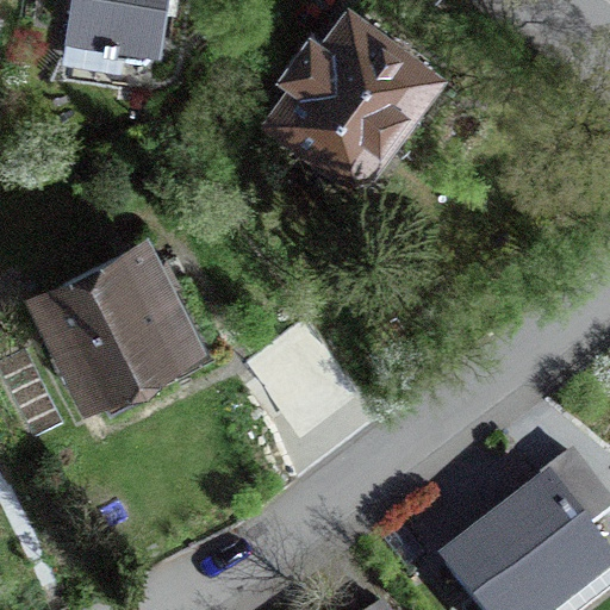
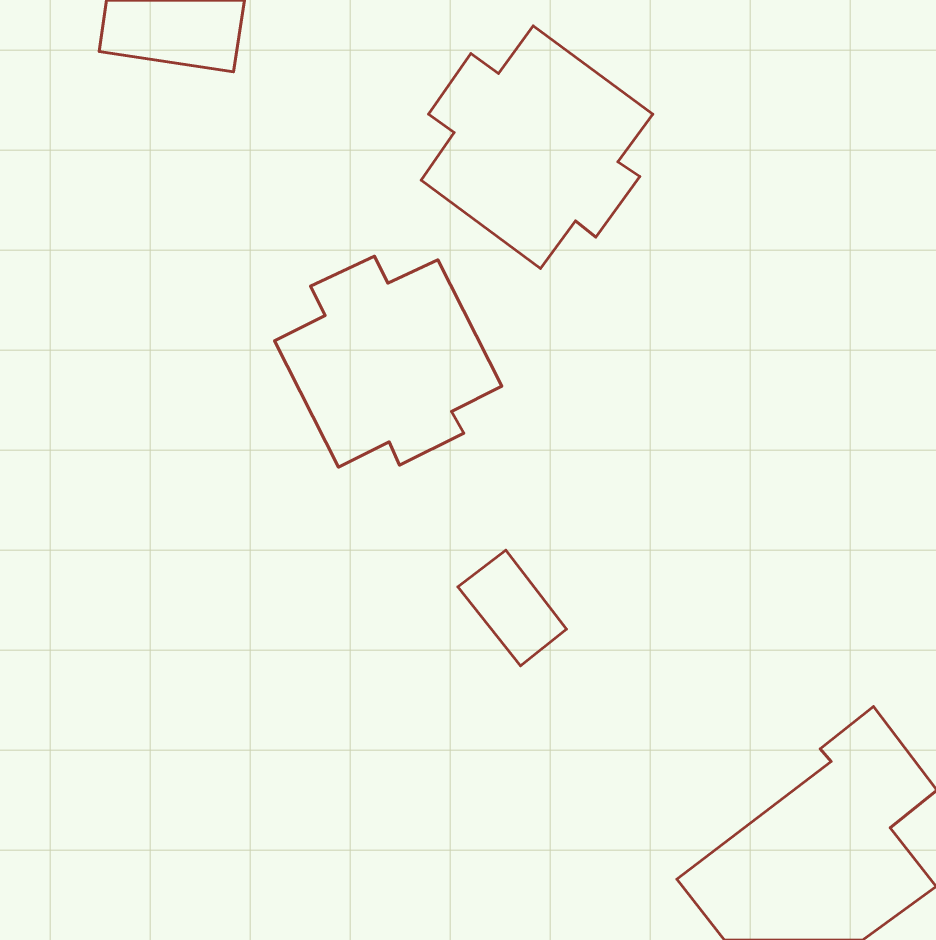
building: none -> [275,256,502,467]
building: [38,249,210,412] -> none

